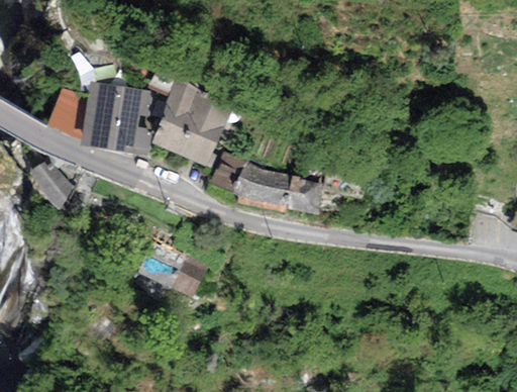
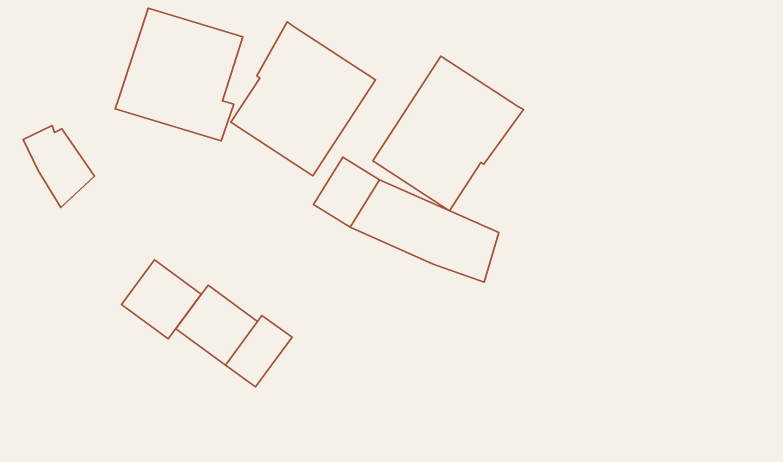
building: none -> [373,56,524,211]
building: [46,88,89,139] -> none
building: none -> [121,260,201,339]

